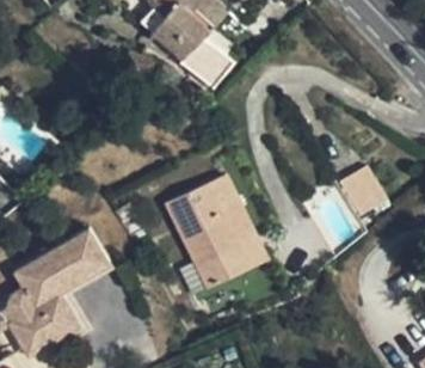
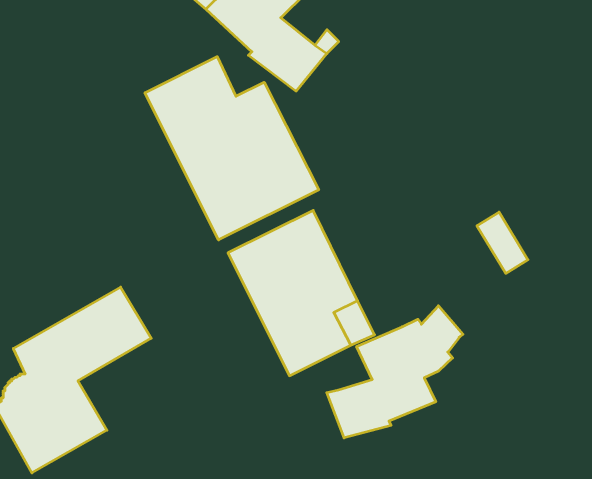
building: none -> [145,57,319,240]
building: none -> [327,306,463,438]

